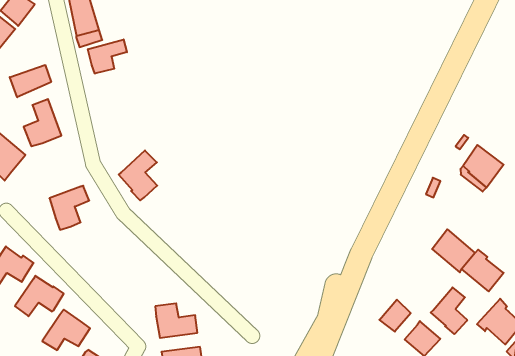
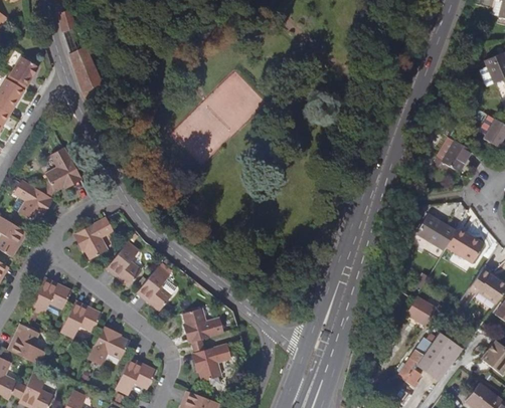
building: [88,39,127,74] -> none
building: [10,65,51,97] -> none
building: [119,150,157,200] -> [108,241,143,285]
building: none -> [139,265,173,311]
building: [431,287,467,334] -> none
building: [379,300,411,332] -> none

